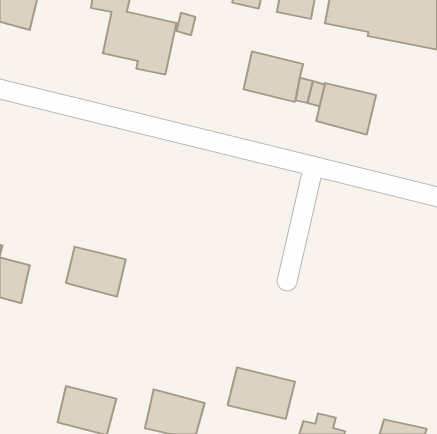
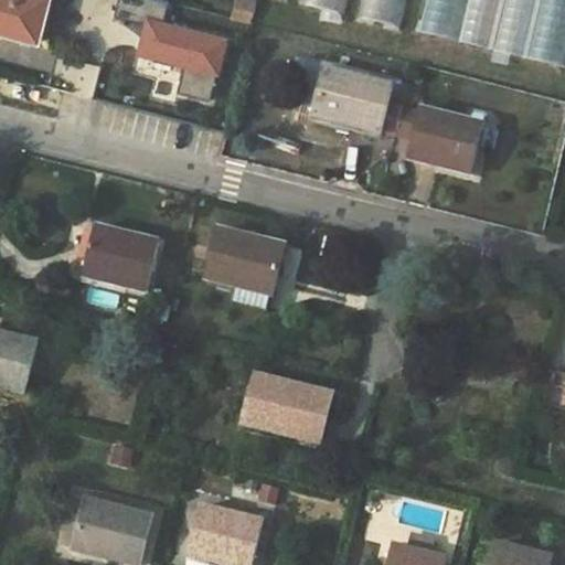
building: none -> [207,227,282,309]
building: [66,247,126,296] -> [83,225,160,289]
building: [228,367,295,419] -> [244,373,331,439]

